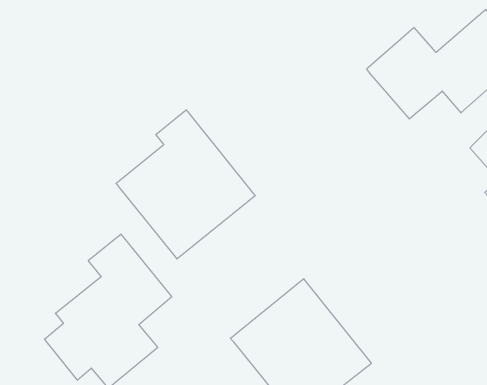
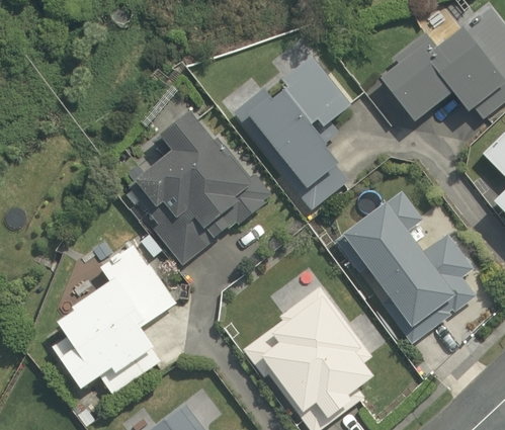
building: none -> [231,48,359,210]
building: none -> [333,191,474,343]

